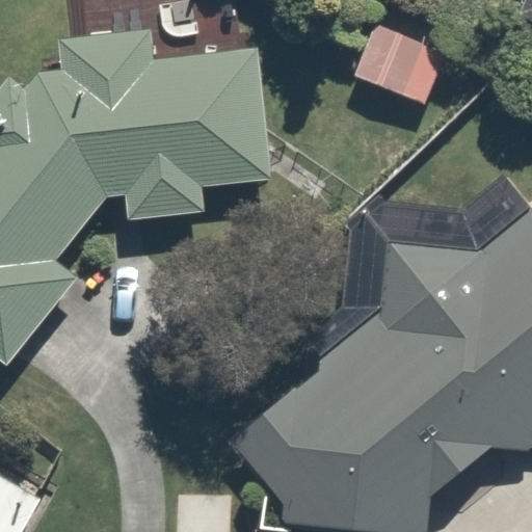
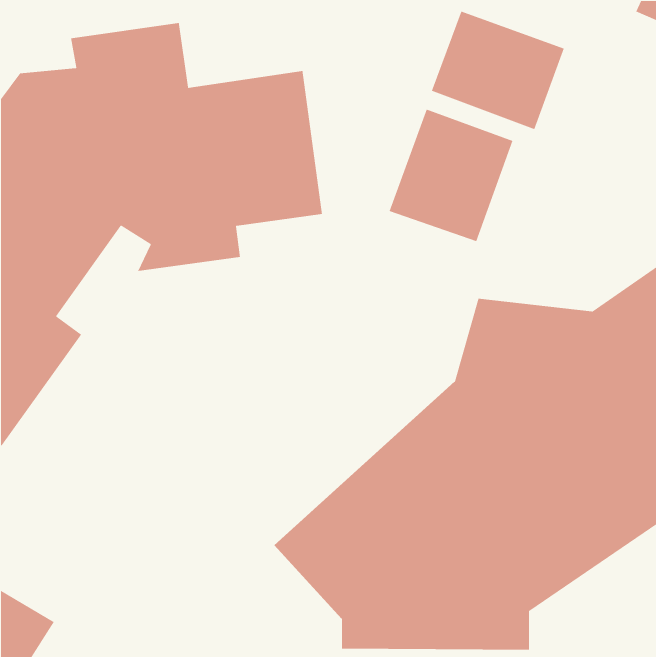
building: none -> [389,108,514,242]

